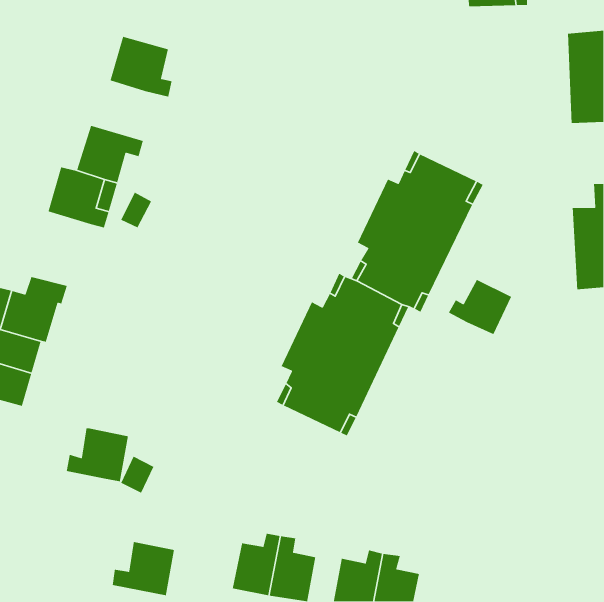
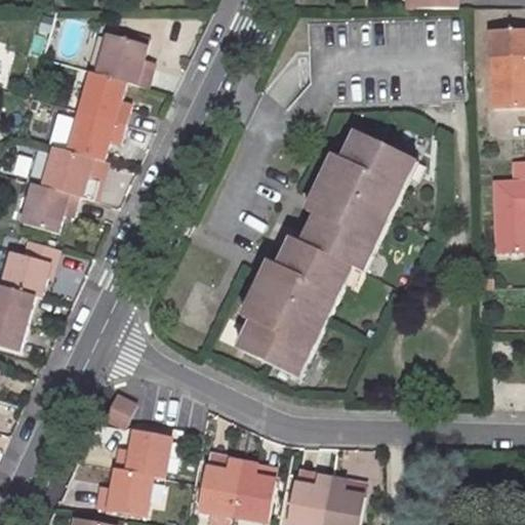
building: none -> [78,68,128,121]
building: none -> [21,180,78,230]
building: [448,279,512,335] -> none
building: [66,428,129,482] -> [115,429,169,476]

